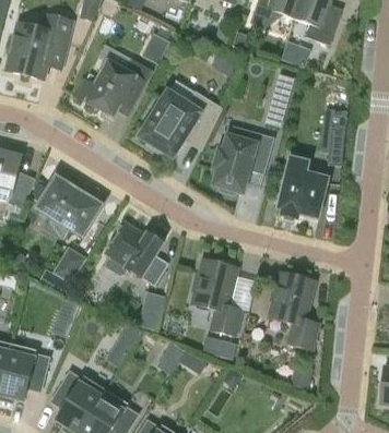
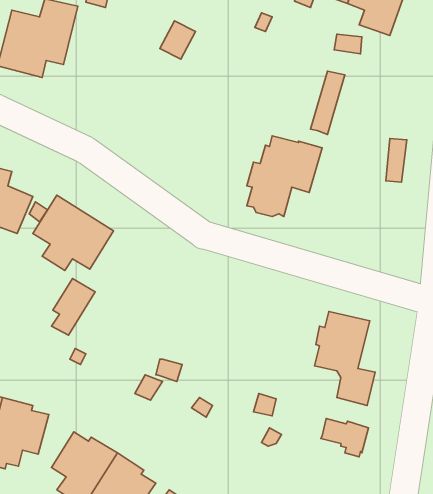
building: [78,58,153,115] -> none
building: [140,89,223,156] -> none
building: [278,156,328,217] -> none
building: [105,221,168,285] -> none
building: [192,256,243,335] -> none

